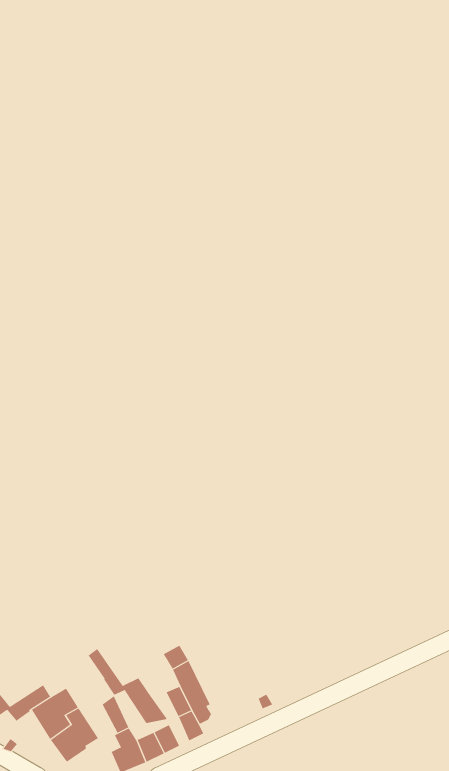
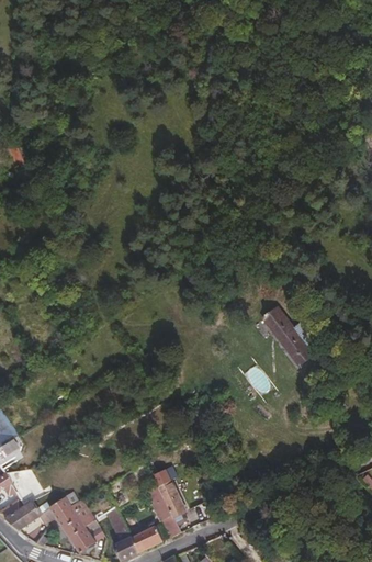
building: none -> [263,307,316,364]
building: [88,648,168,724] -> none

